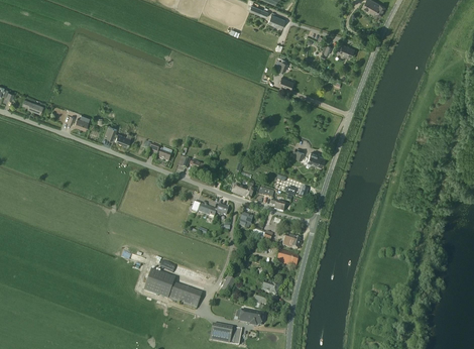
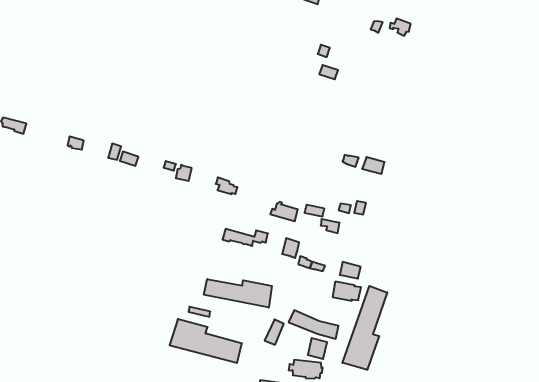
building: none -> [204,279,272,308]
building: none -> [342,286,387,370]

